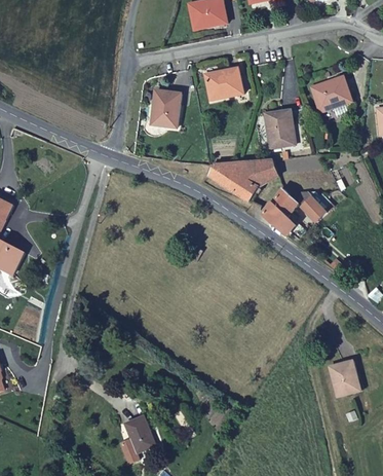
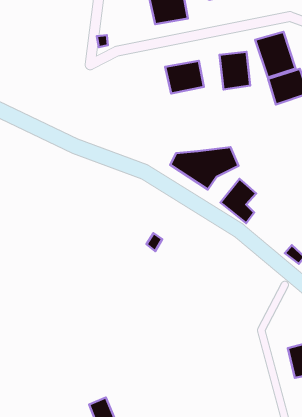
building: none -> [255,32,296,77]
building: [149,90,180,127] -> none
building: [264,109,296,148] -> [220,52,250,89]
building: [294,192,324,222] -> none

